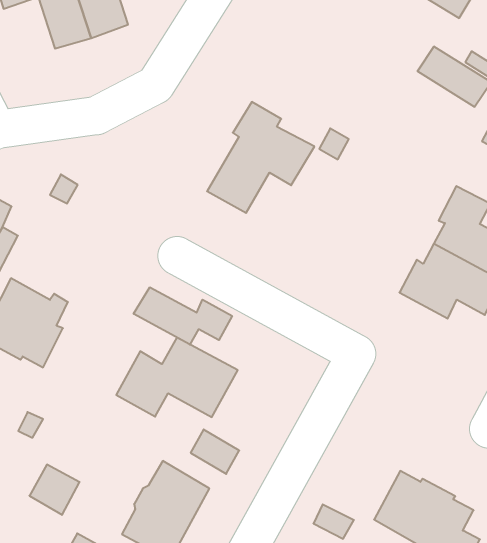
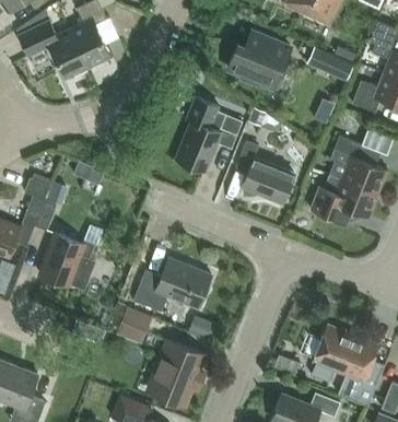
building: none -> [227,32,290,89]
building: none -> [235,141,294,202]
building: [134,287,232,345] -> none
building: [29,465,80,515] -> [118,309,150,341]

